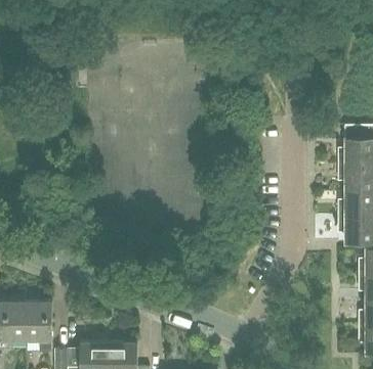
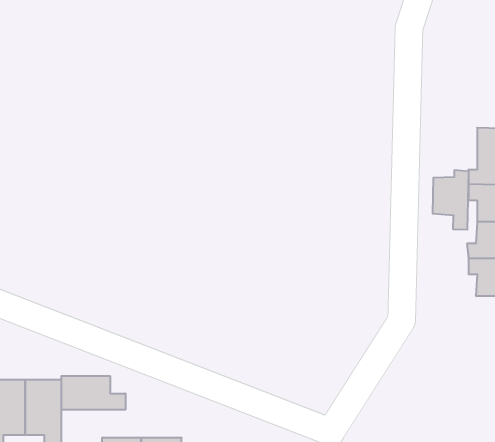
building: none -> [433,170,468,230]
building: none -> [61,376,125,410]

